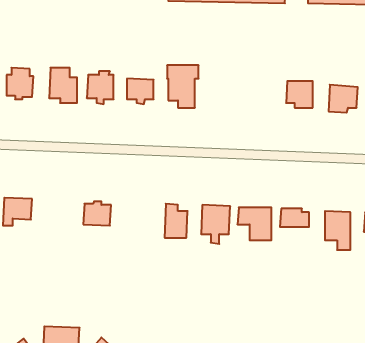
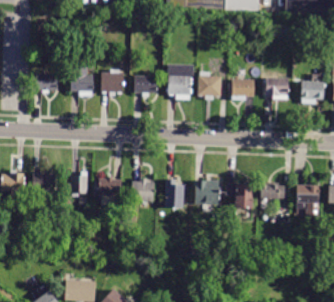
building: none -> [198,71,221,99]
building: none -> [231,79,254,100]
building: none -> [68,171,88,196]
building: none -> [131,177,154,201]

